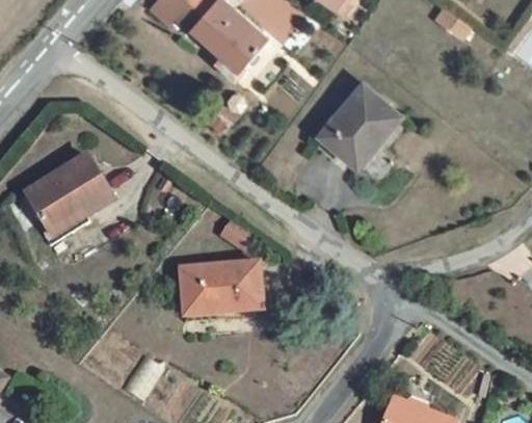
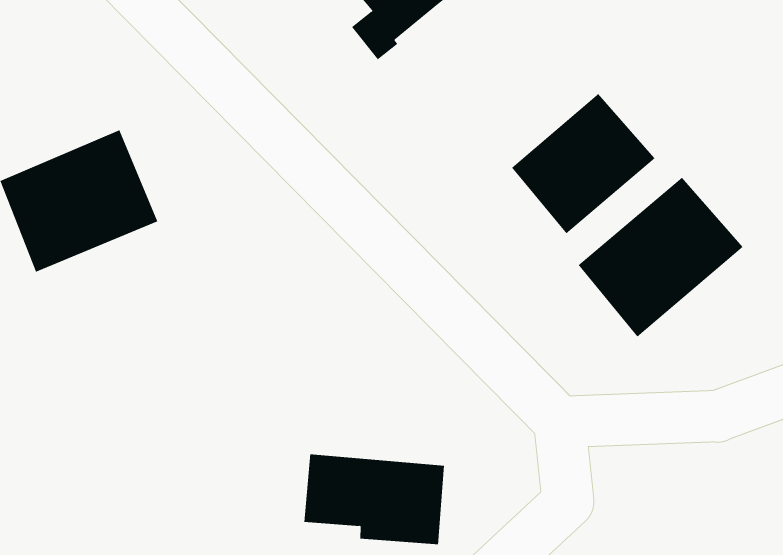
building: none -> [578,177,743,338]
building: [179,262,263,313] -> [303,454,445,545]

